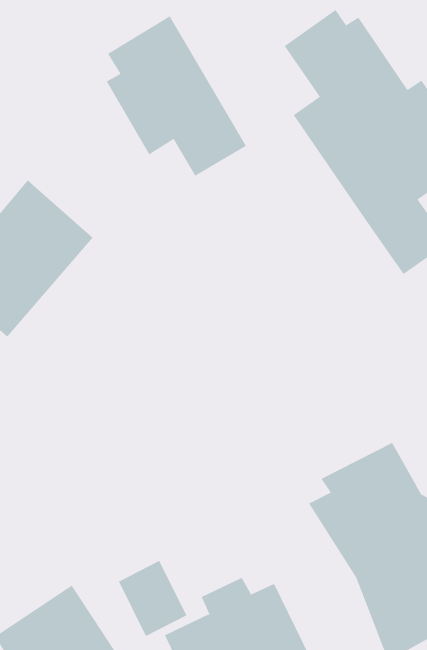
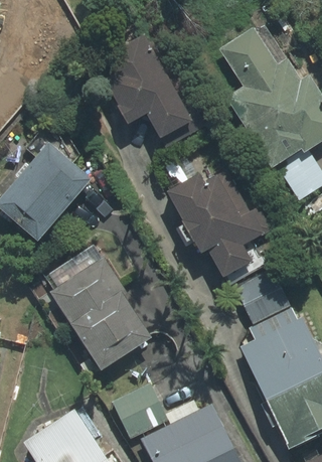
building: none -> [162,159,269,275]
building: none -> [43,243,157,369]
building: none -> [234,269,290,324]

